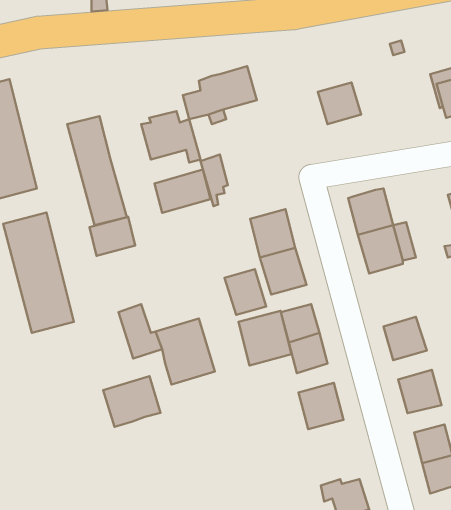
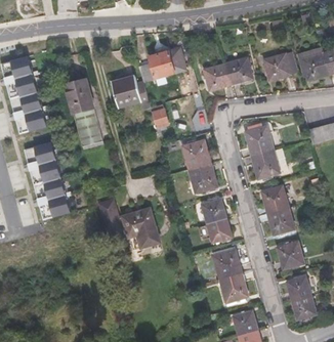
building: none -> [262,51,297,80]
building: none -> [203,63,231,90]
building: [155,170,210,213] -> none
building: [89,217,135,256] -> none
building: [225,269,266,315] -> none
building: none -> [260,185,287,213]
building: [238,311,291,365] -> none
building: [103,376,161,427] -> none
building: none -> [218,272,248,302]

